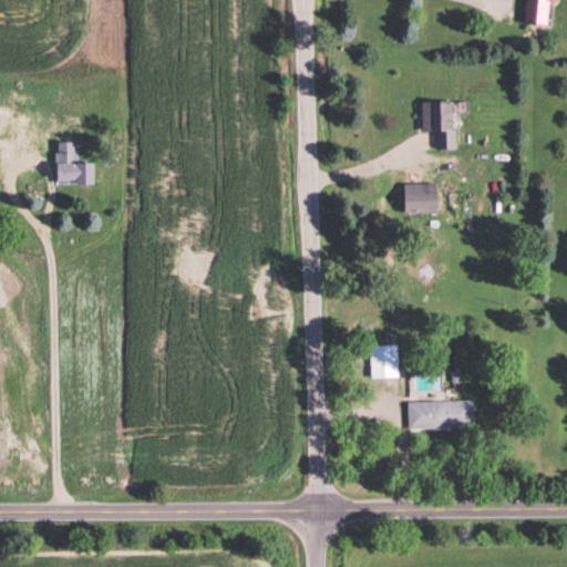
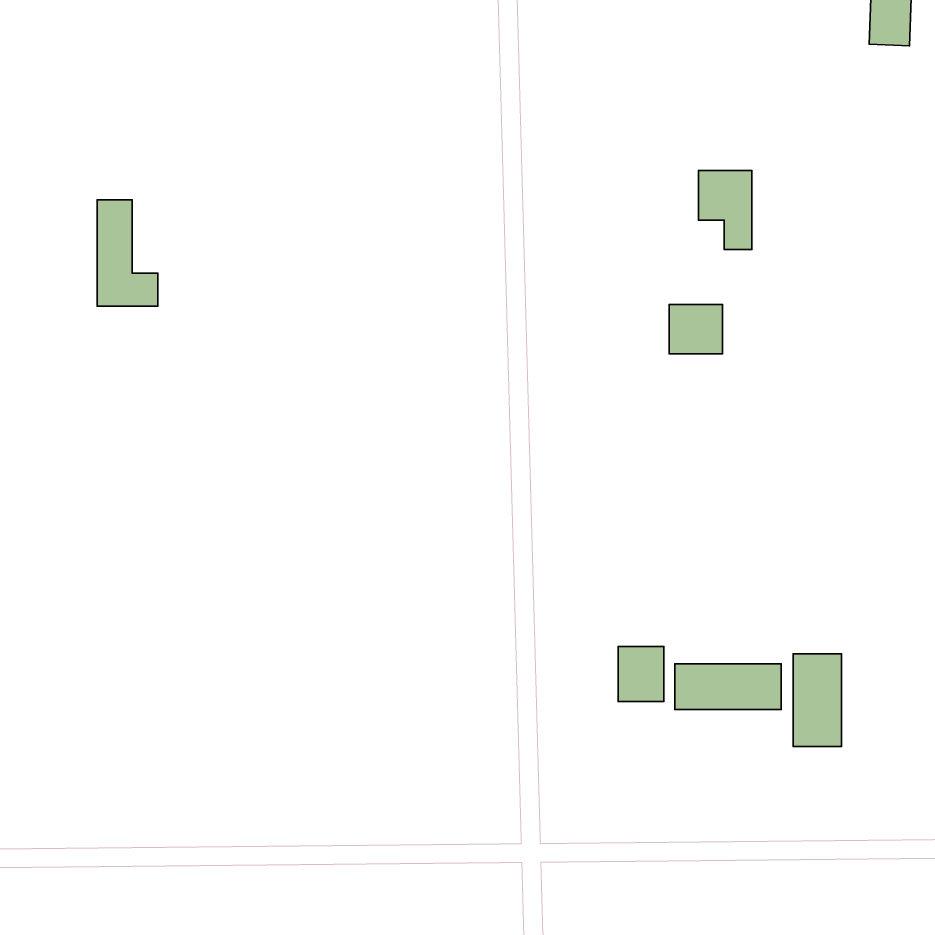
building: [370,346,398,379] -> [618,646,664,701]
building: none -> [793,654,842,746]

